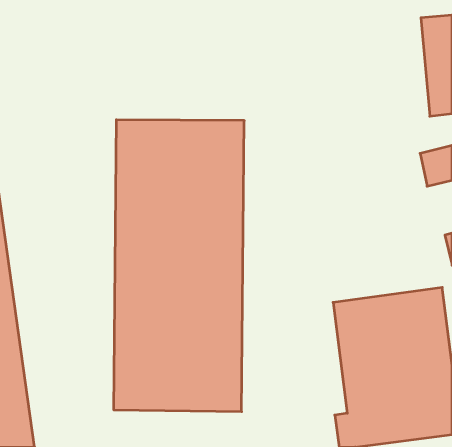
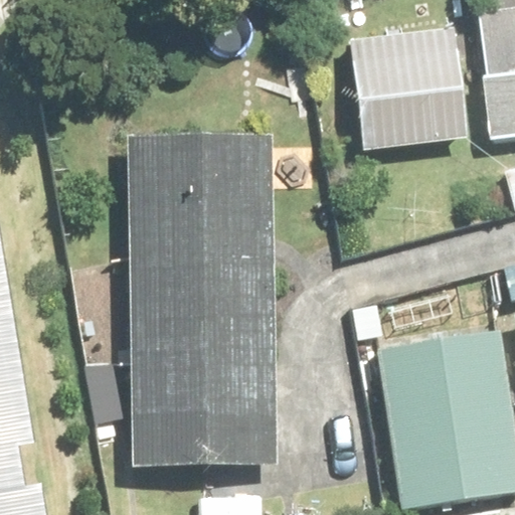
building: none -> [351,28,469,143]

